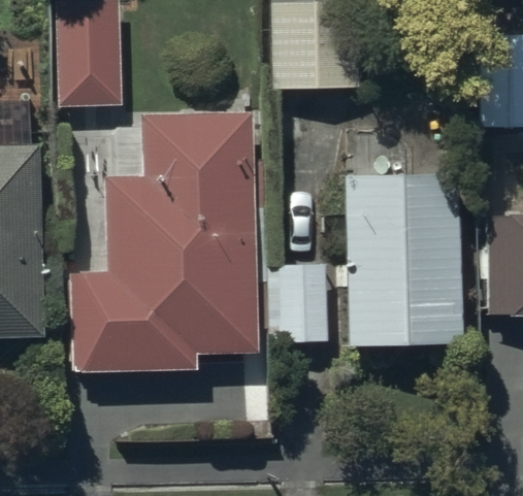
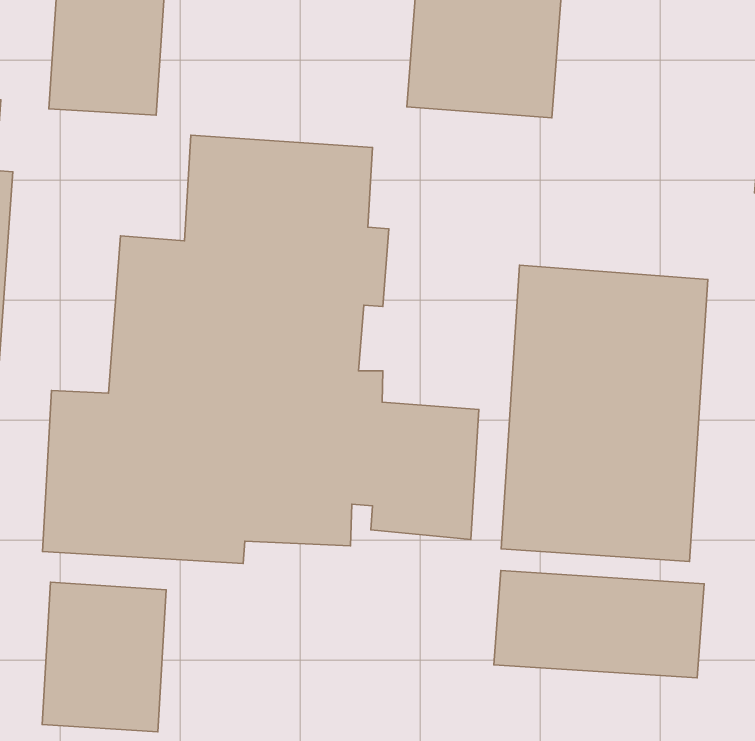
building: none -> [494,571,704,678]
building: none -> [42,582,166,732]

